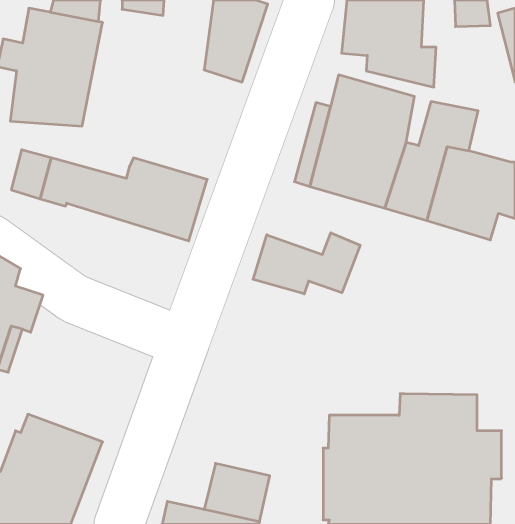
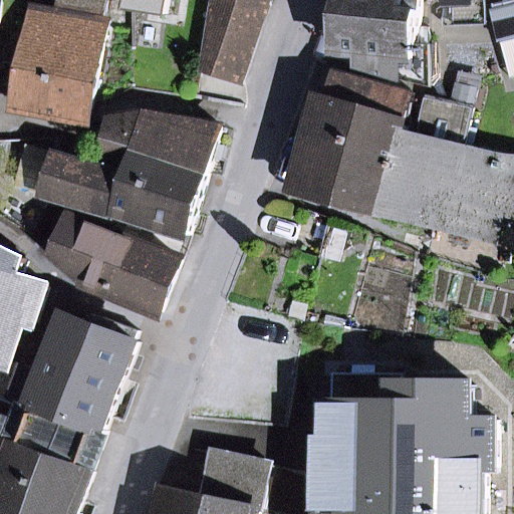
building: none -> [98,115,217,176]
building: none -> [47,217,176,313]
building: [253,233,360,294] -> none
building: none -> [7,314,134,433]

